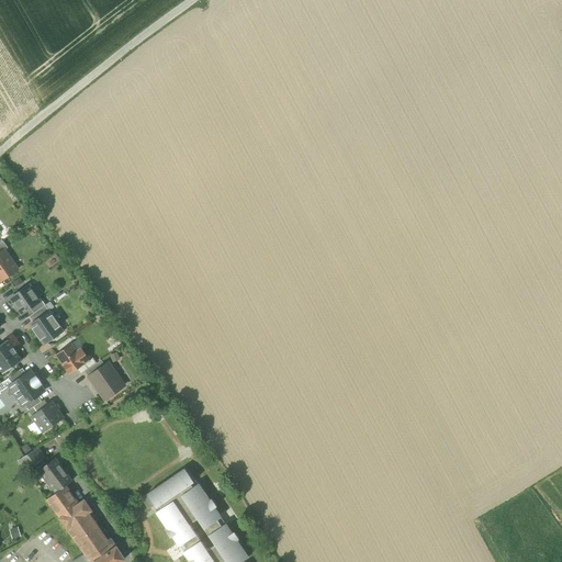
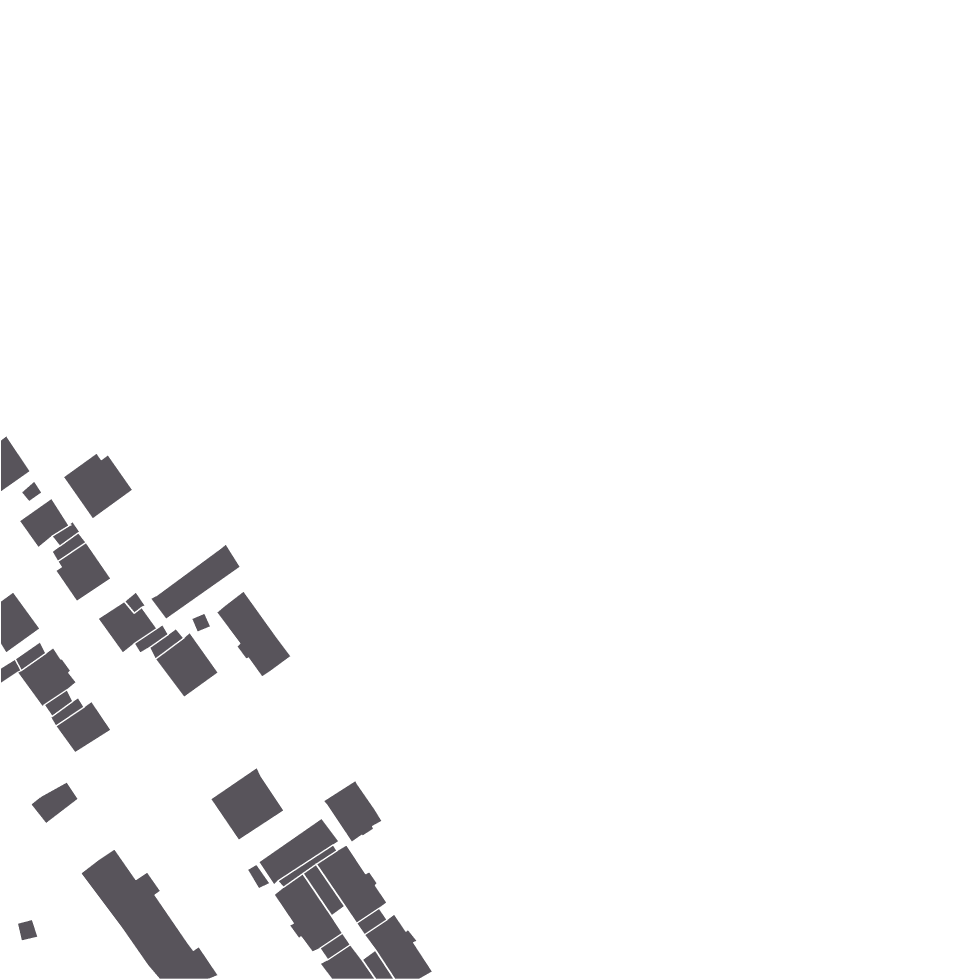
building: none -> [63,453,133,519]
building: none -> [150,544,241,620]
building: none -> [217,591,291,677]
building: none -> [210,767,284,840]
building: none -> [323,780,382,843]
building: [40,458,72,493] -> none

